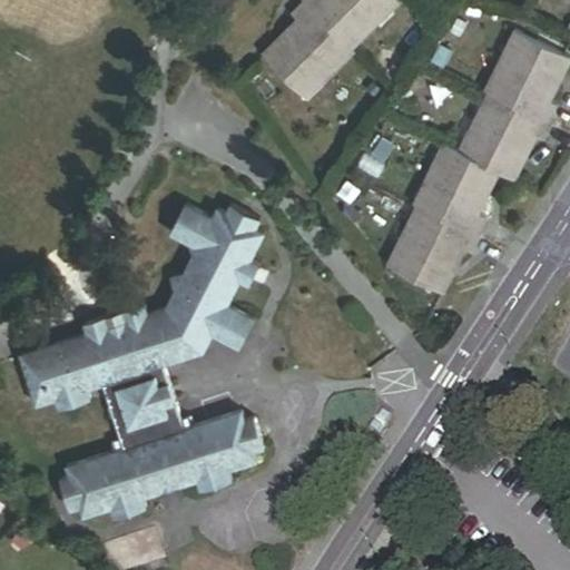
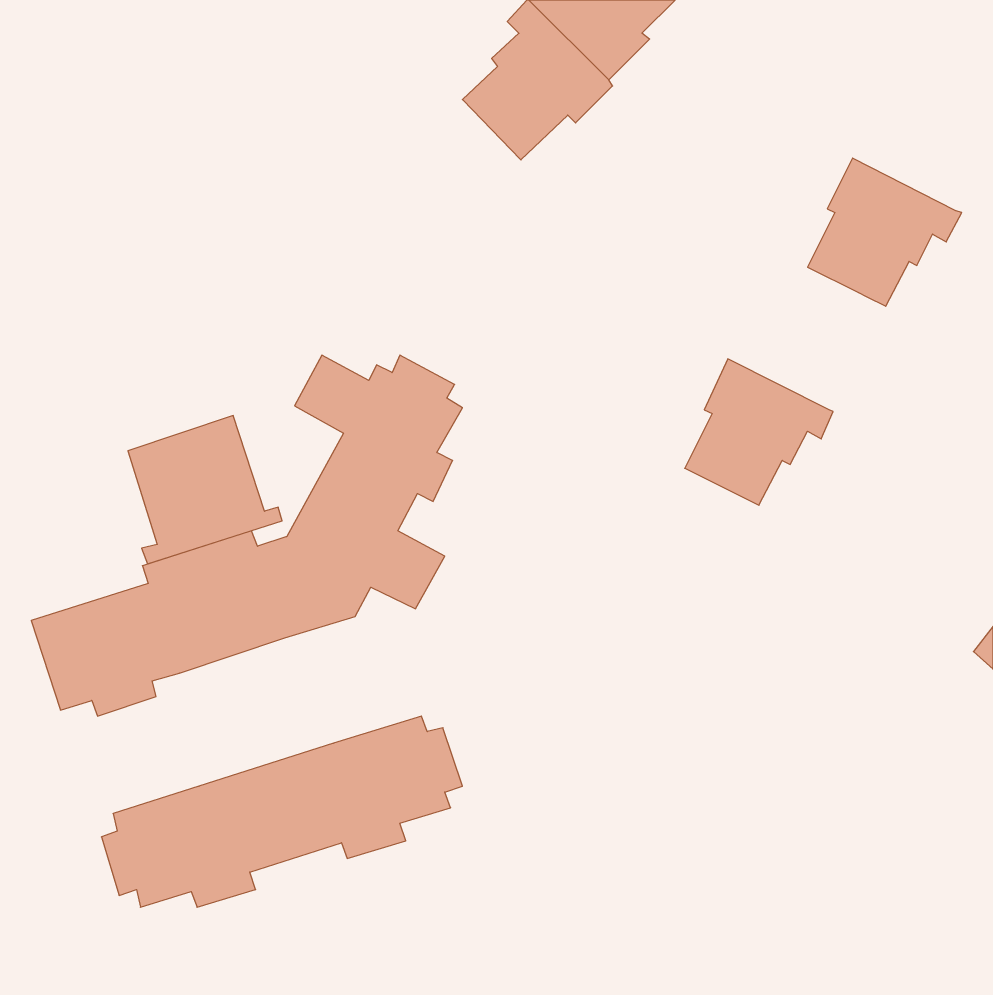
building: [483,32,562,121] -> none
building: [413,147,490,235] -> none
building: [102,365,190,450] -> [128,416,282,564]

